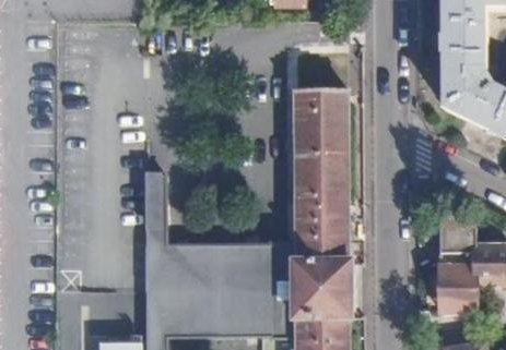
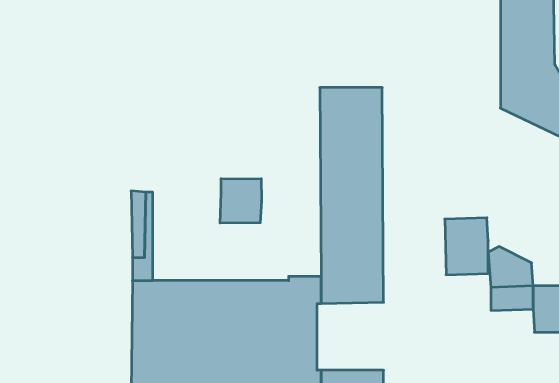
building: none -> [220,179,261,223]
building: [294,262,351,316] -> none
building: [434,267,469,313] -> [445,218,488,275]

